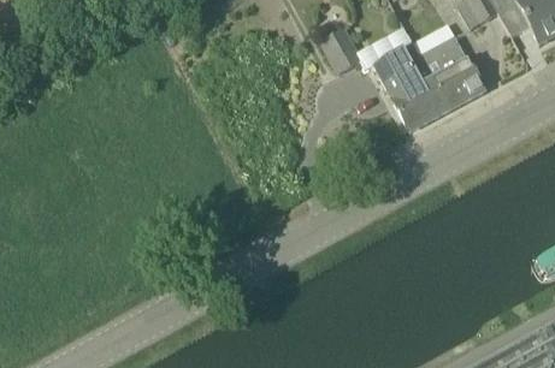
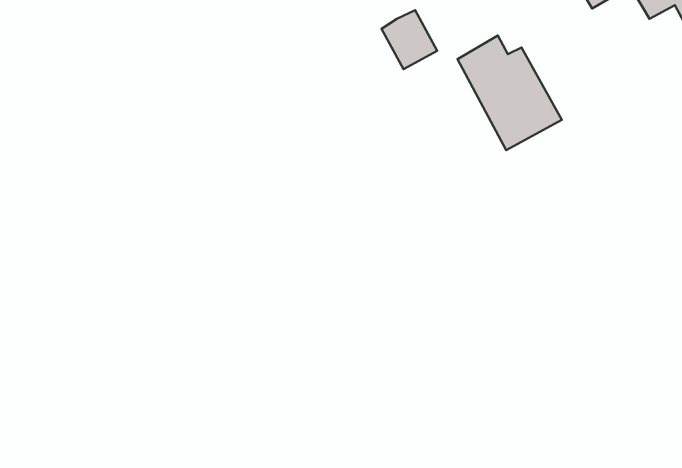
building: [420,35,484,106] -> none

